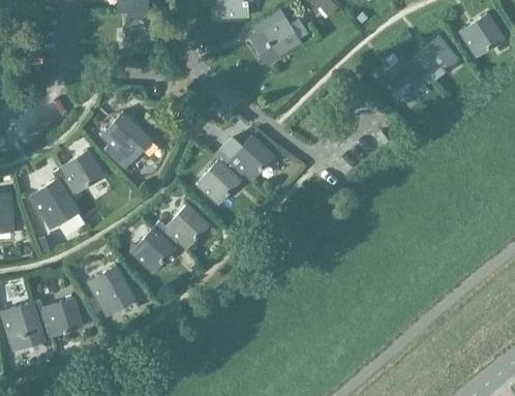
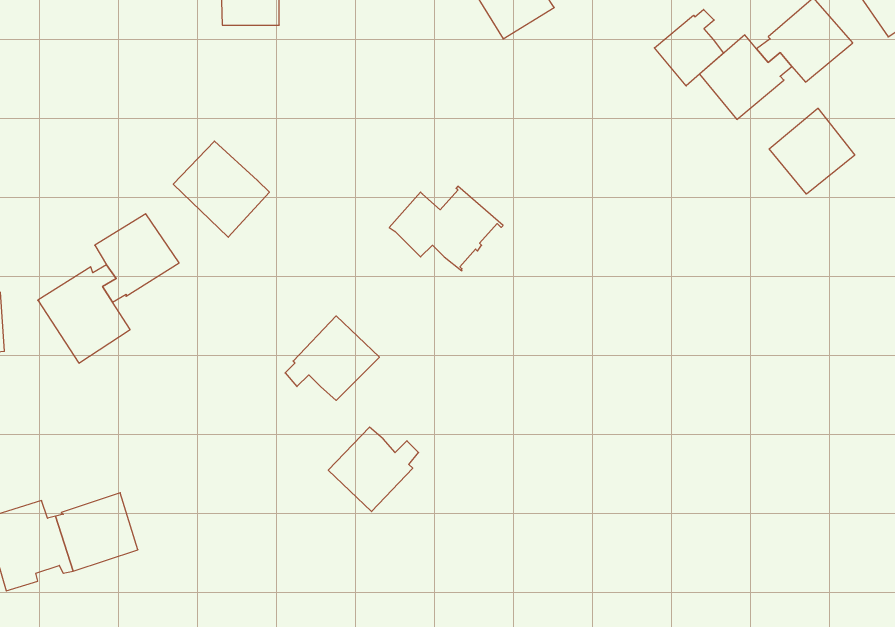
building: none -> [654,9,724,86]
building: none -> [769,108,855,194]
building: [195,159,243,204] -> none
building: [130,227,178,272] -> [328,427,419,512]
building: [87,266,134,316] -> none

